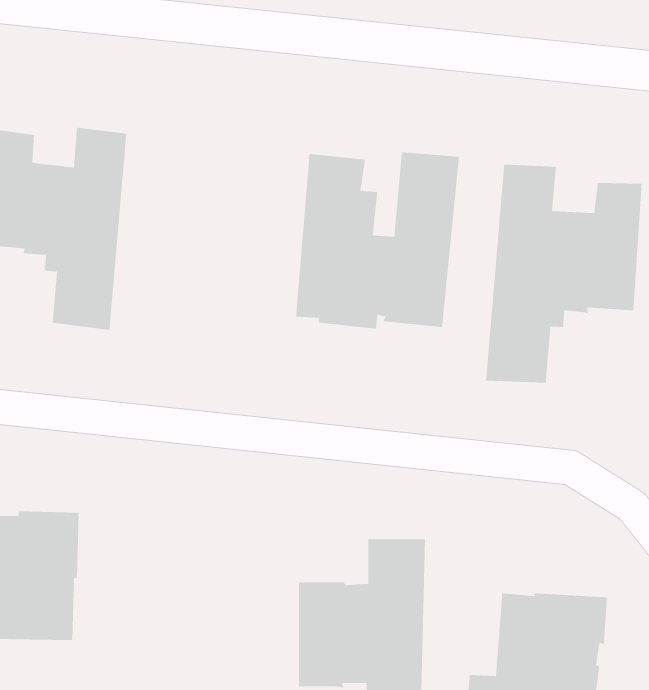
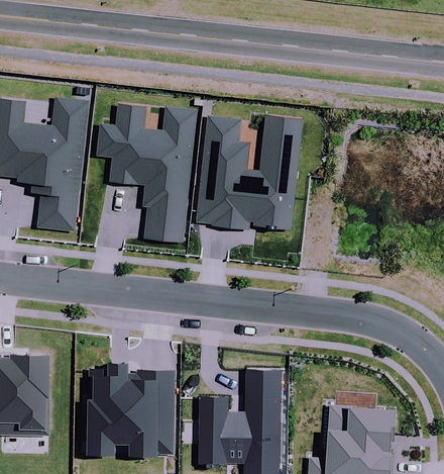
building: none -> [97,106,198,243]
building: [486,164,642,383] -> none
building: none -> [83,360,177,456]

